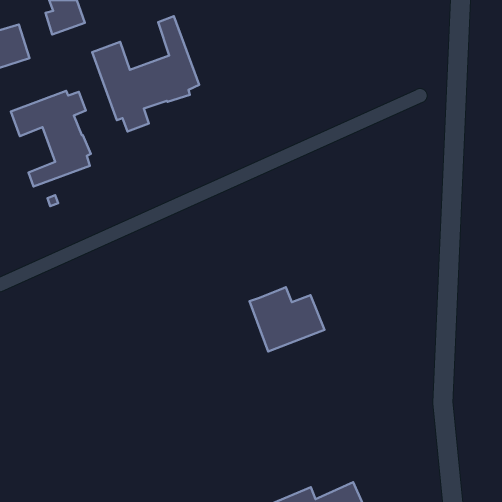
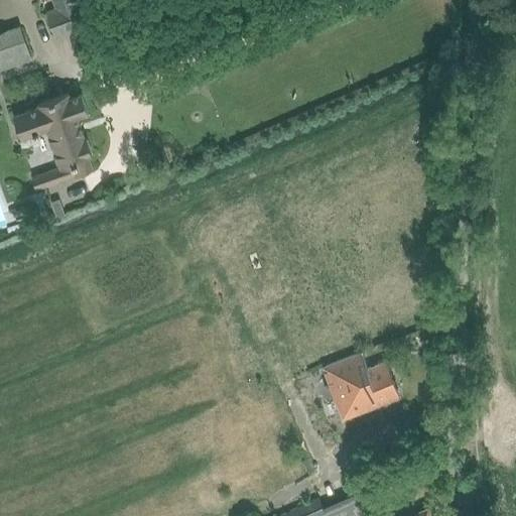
building: [92,16,199,131] -> none
building: [249,287,324,351] -> [321,356,398,421]

